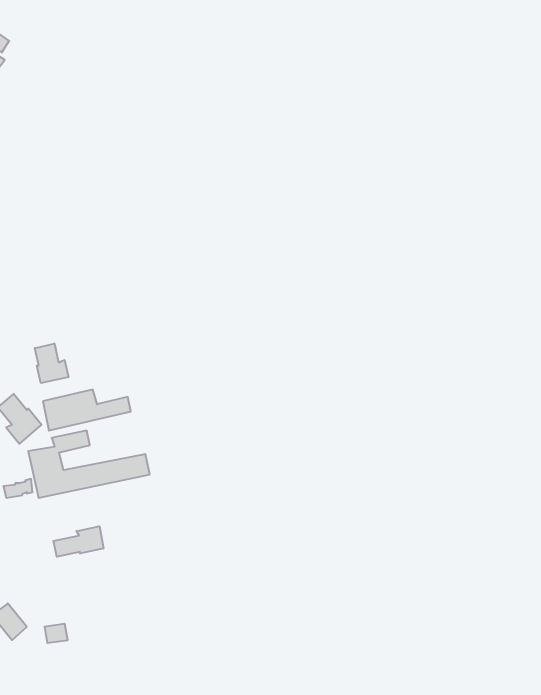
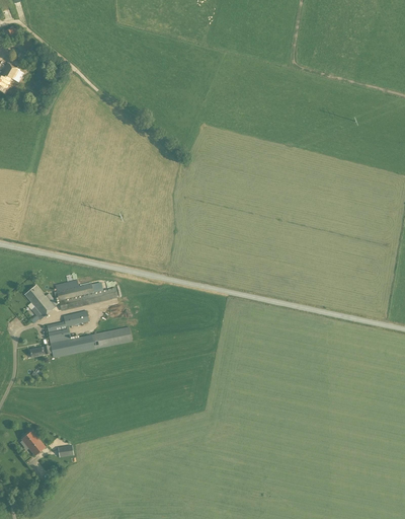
building: [35,343,68,383] -> none
building: [53,526,103,557] -> none

